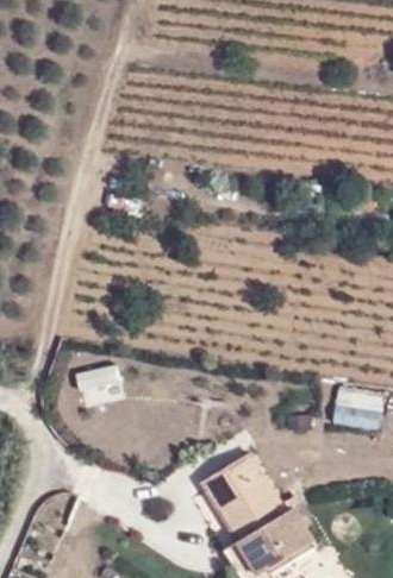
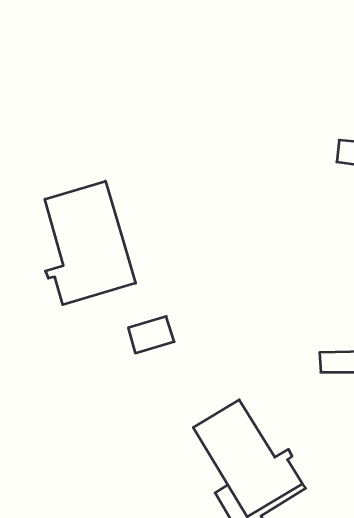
building: none -> [45,181,136,305]
building: [79,362,126,400] -> [128,316,174,353]

